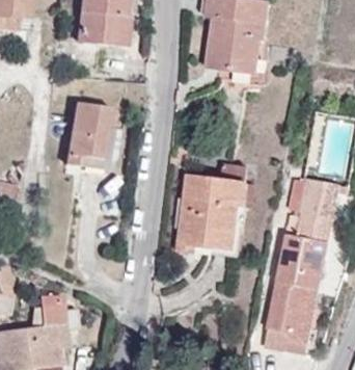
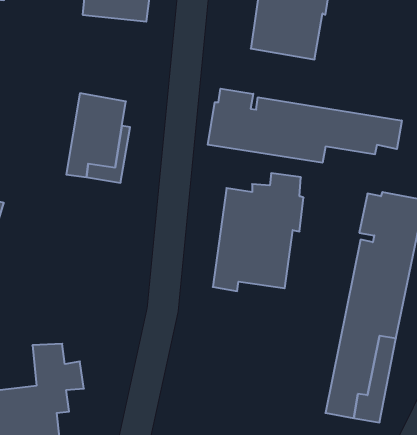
building: none -> [208,89,402,163]

